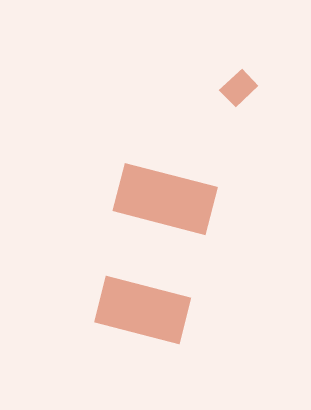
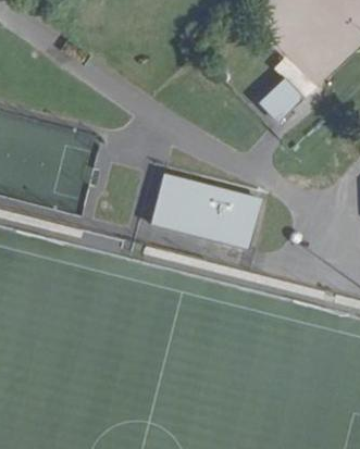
building: [93,275,192,345] -> none

